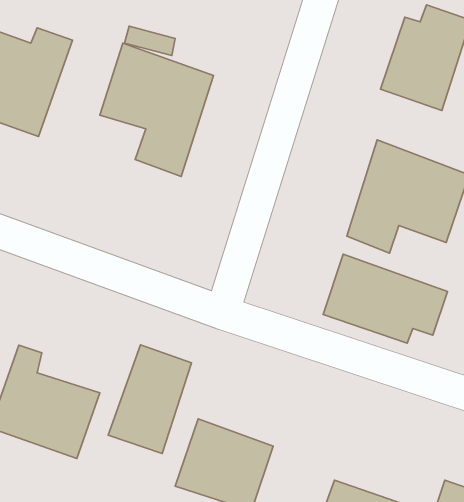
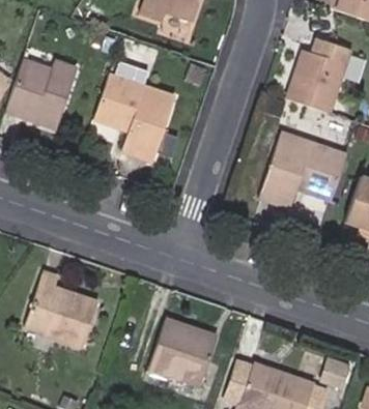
building: [323,254,447,343] -> none
building: [108,345,192,453] -> none

